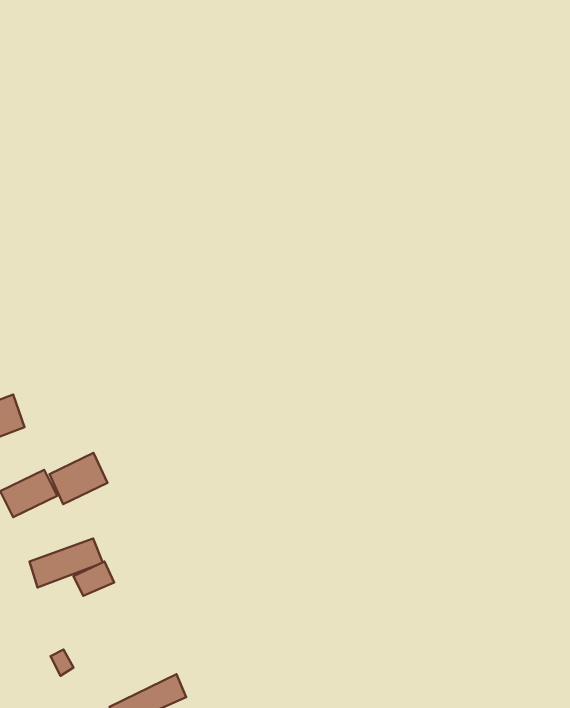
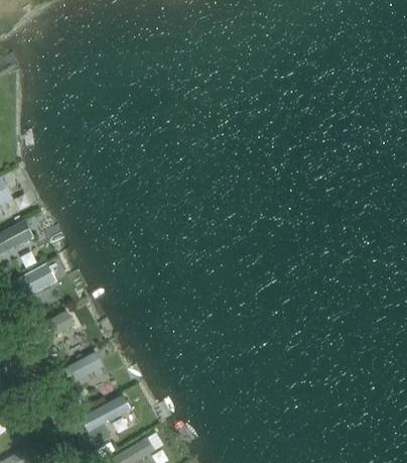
building: [49,453,107,504] -> none
building: none -> [82,394,132,446]

